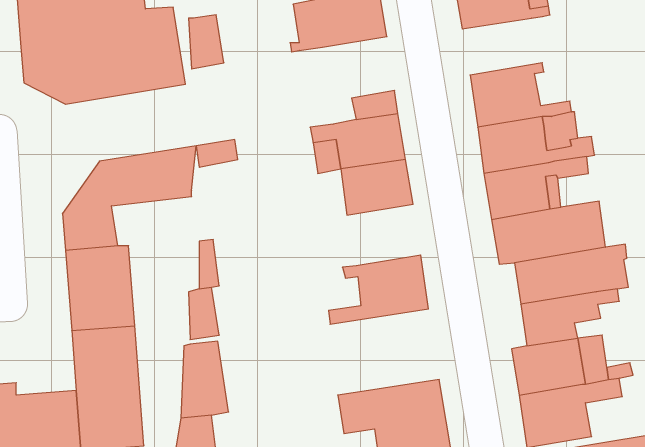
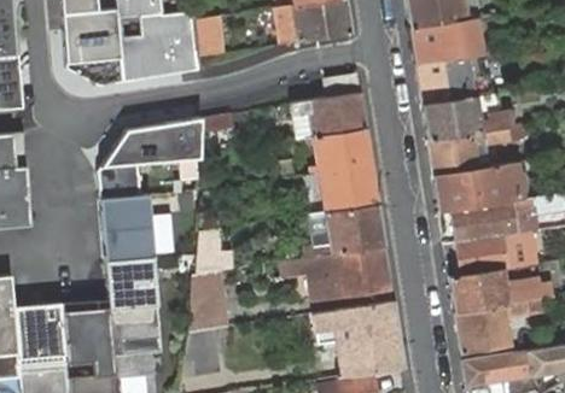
building: none -> [412,17,480,63]
building: none -> [284,164,379,212]
building: none -> [285,246,392,301]

